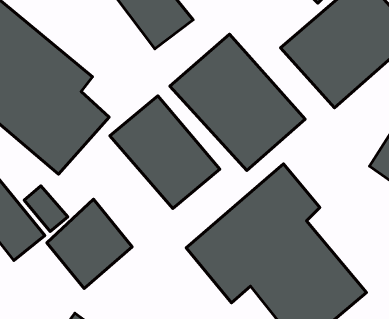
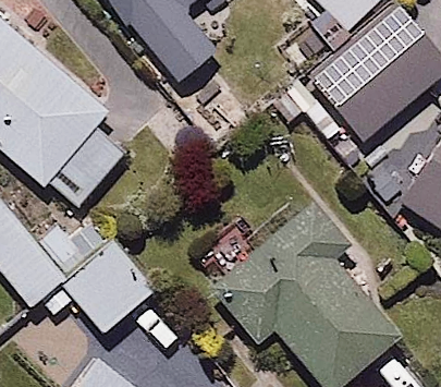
building: [170,34,305,170] -> none
building: [110,96,220,208] -> none

